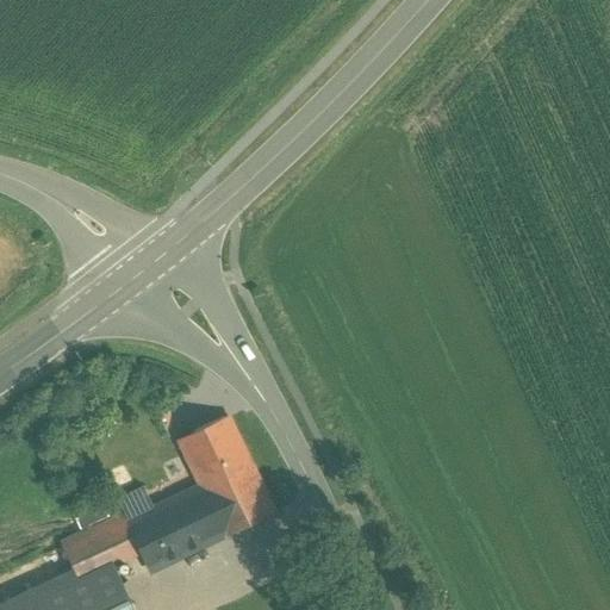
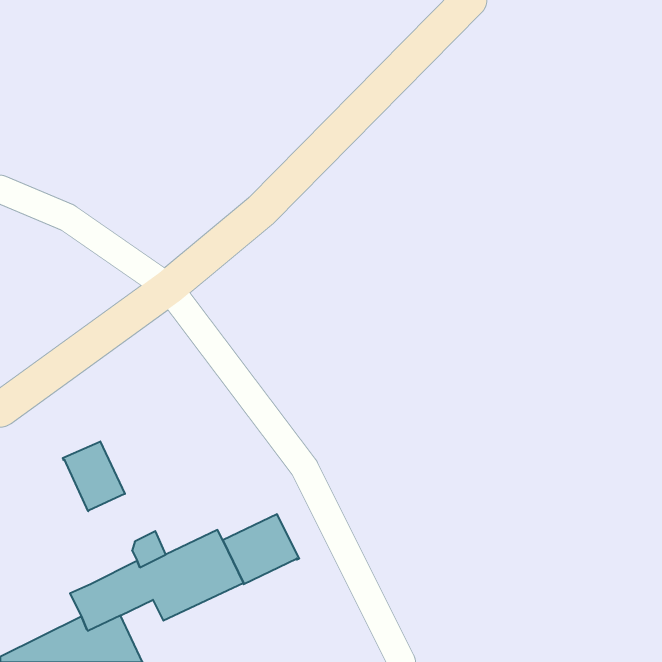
building: none -> [63,441,125,511]
building: [178,417,255,497] -> none

